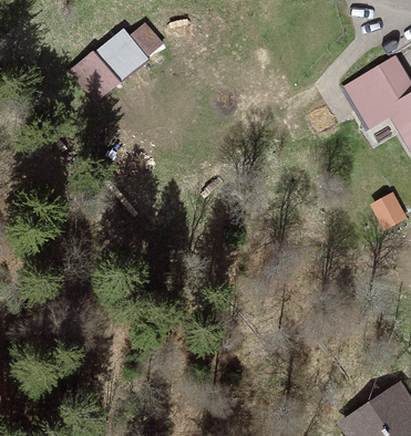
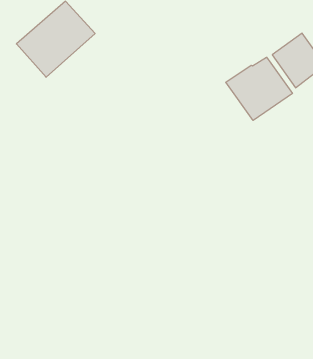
building: none -> [226,57,292,120]

